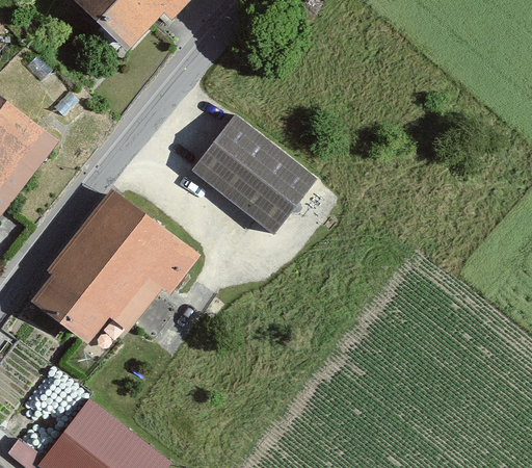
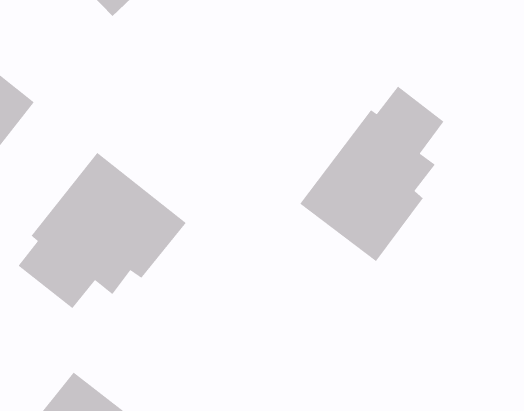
building: [192,113,314,229] -> none
building: none -> [299,86,445,262]

